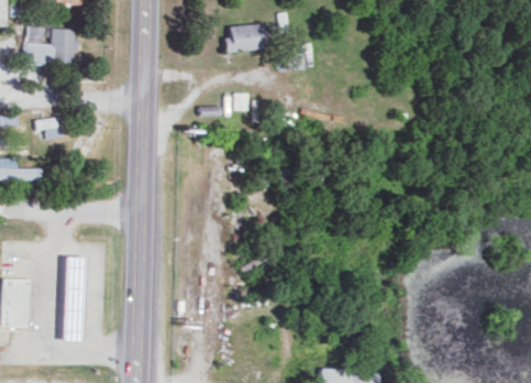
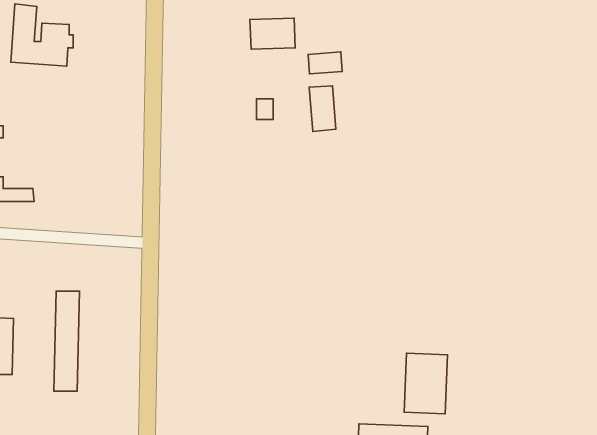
building: none -> [309,86,336,131]
building: [33,119,67,140] -> none
building: none -> [404,353,447,414]

